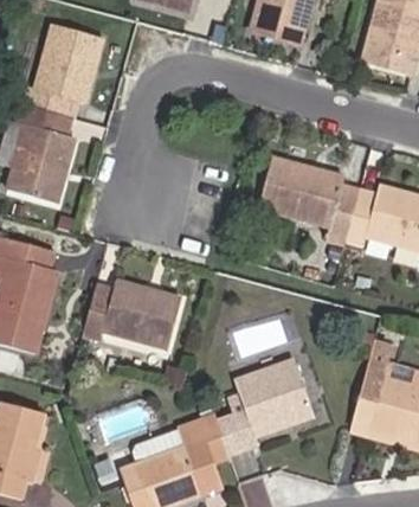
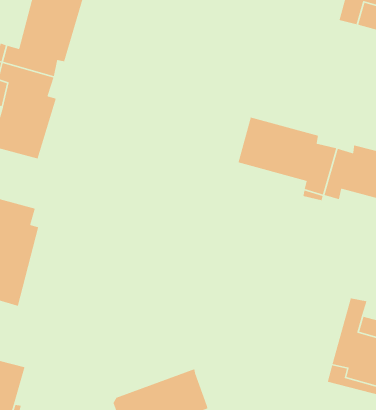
building: [82,281,180,346] -> none
building: [217,361,312,454] -> none

